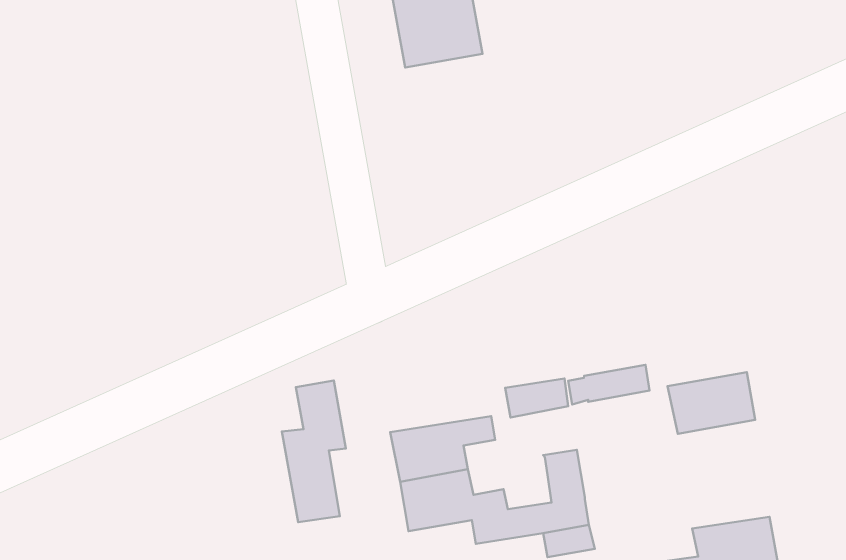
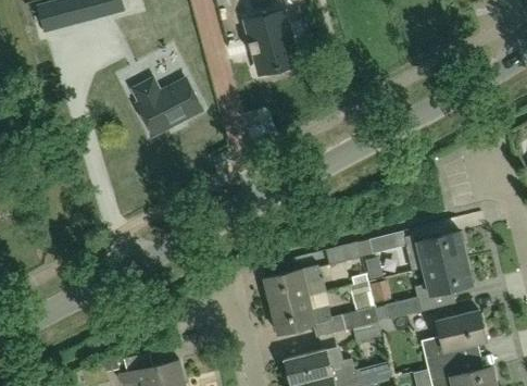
building: none -> [136,78,201,134]
building: [282,381,346,522] -> none
building: none -> [385,257,473,317]

